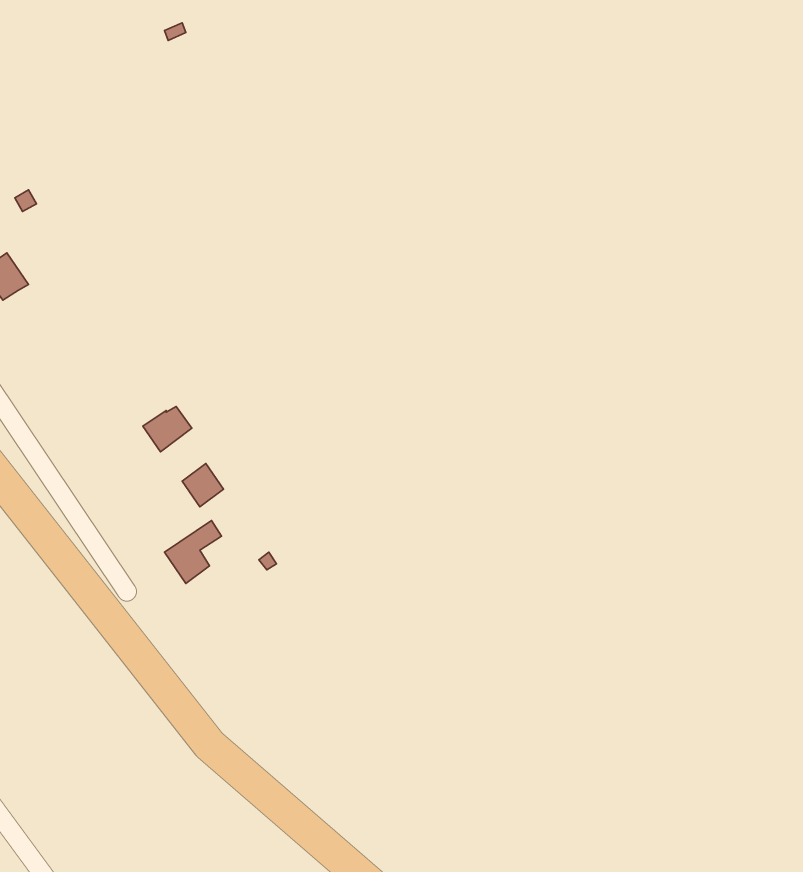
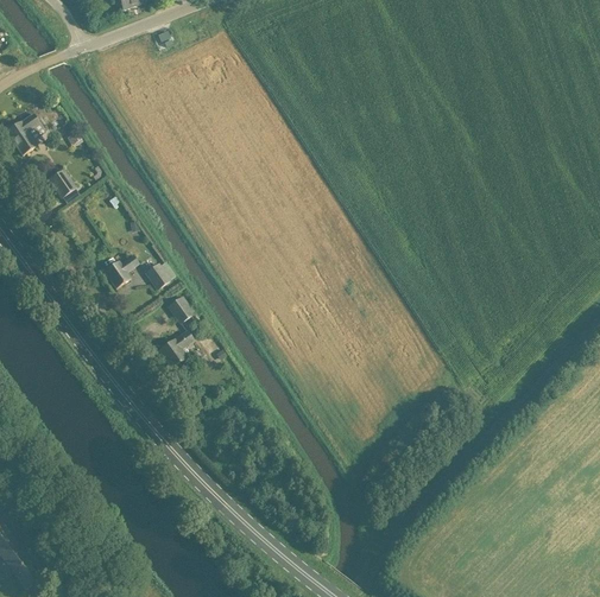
building: none -> [101,254,137,288]

